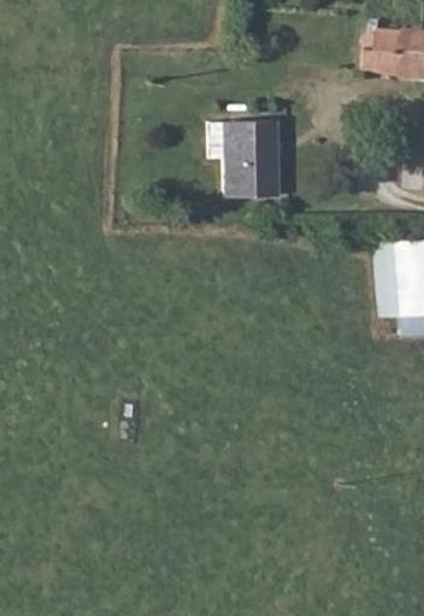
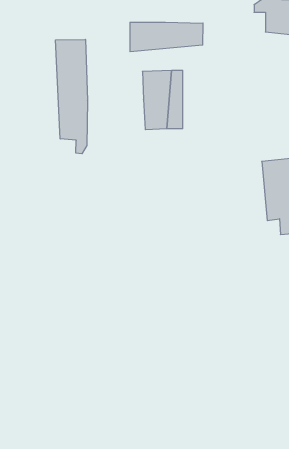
building: none -> [130,22,203,52]
building: none -> [56,39,87,154]

